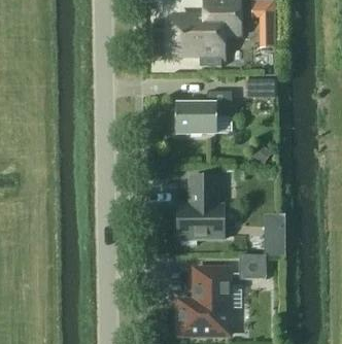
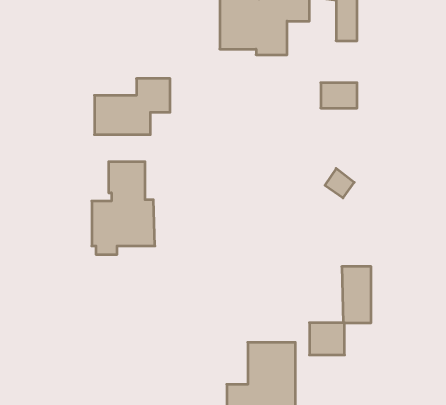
building: [175,92,231,133] -> [94,79,170,135]
building: [177,176,224,244] -> [92,162,155,254]

